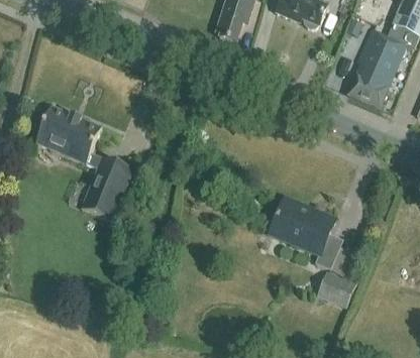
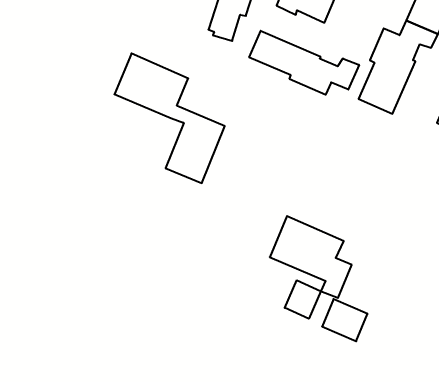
building: none -> [249,31,359,95]
building: [35,106,133,221] -> [114,53,225,183]
building: none -> [285,280,321,319]

